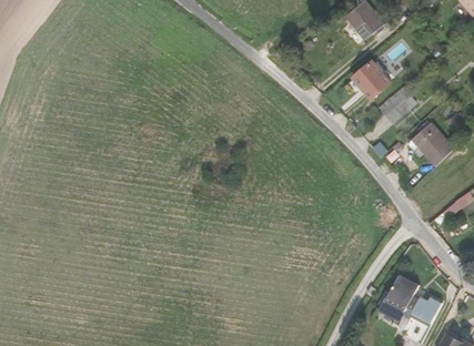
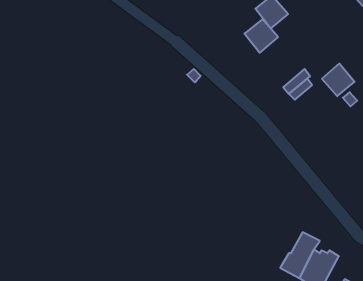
building: [352,61,391,100] -> [244,19,278,53]
building: [411,122,448,160] -> [322,64,355,96]

